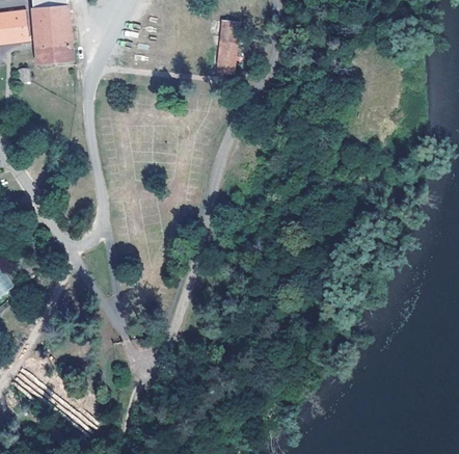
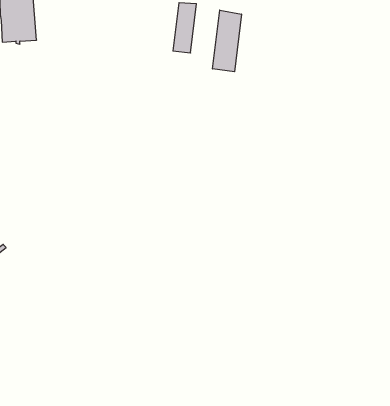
building: none -> [213,10,241,72]

